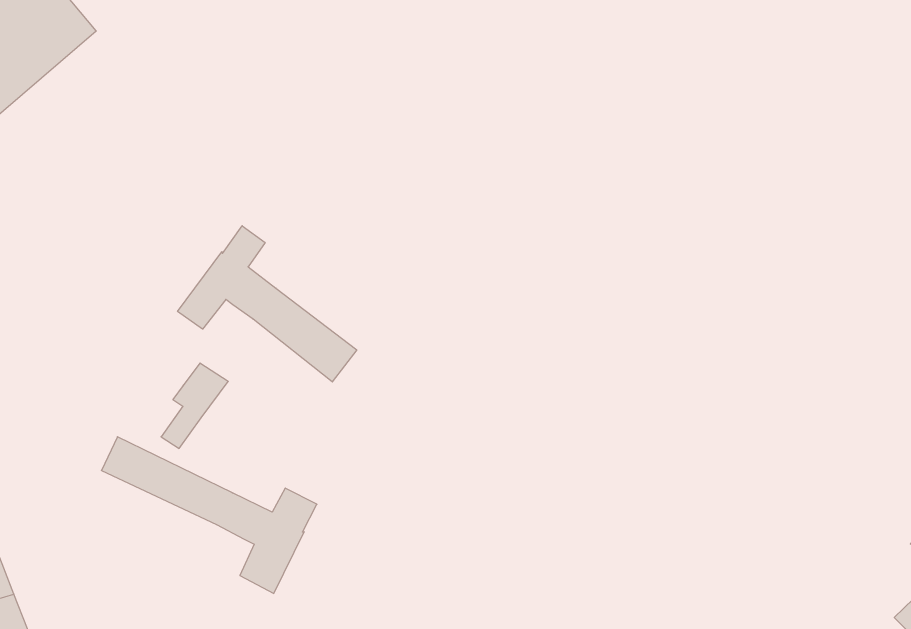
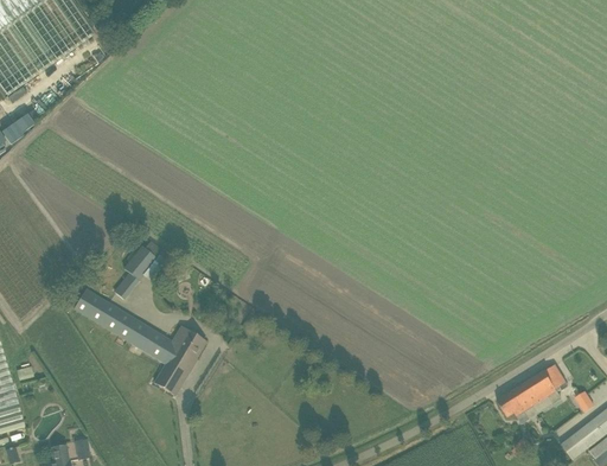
building: [178,226,357,382] -> none
building: none -> [496,364,566,416]

